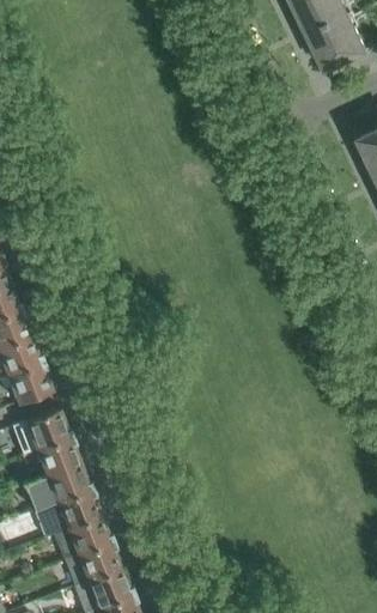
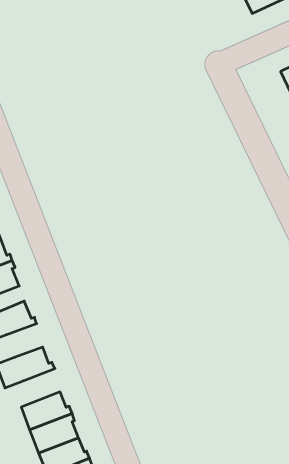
building: [34,435,77,474] -> none
building: [32,487,97,536] -> none

